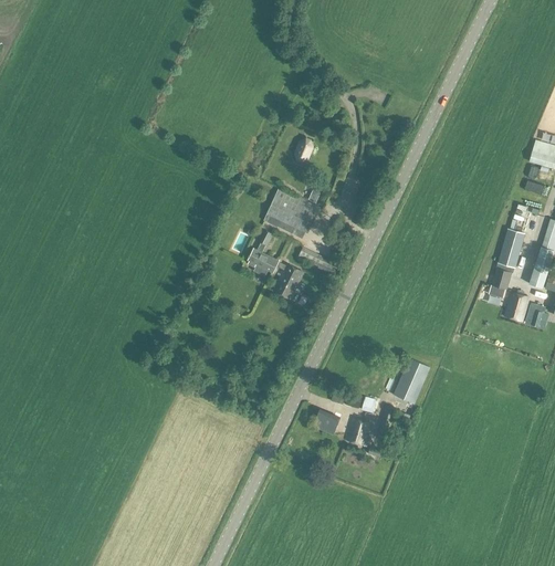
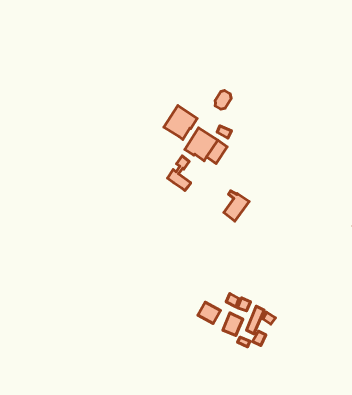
building: none -> [164,105,197,139]
building: [273,262,303,300] -> [224,191,249,221]
building: [392,358,429,403] -> none

